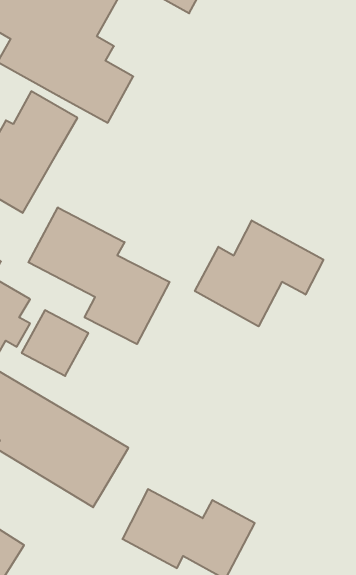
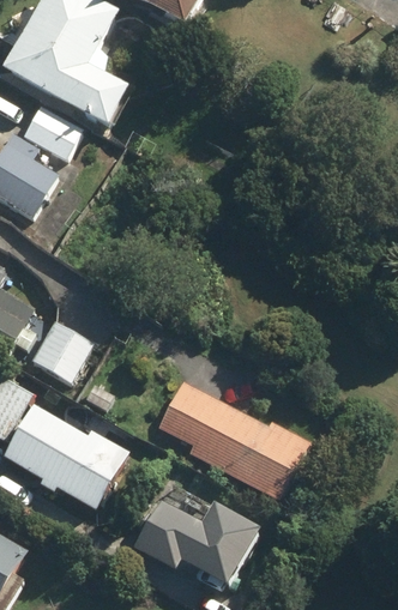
building: [28,207,170,344] -> none
building: [195,220,323,326] -> none
building: none -> [150,375,309,503]

